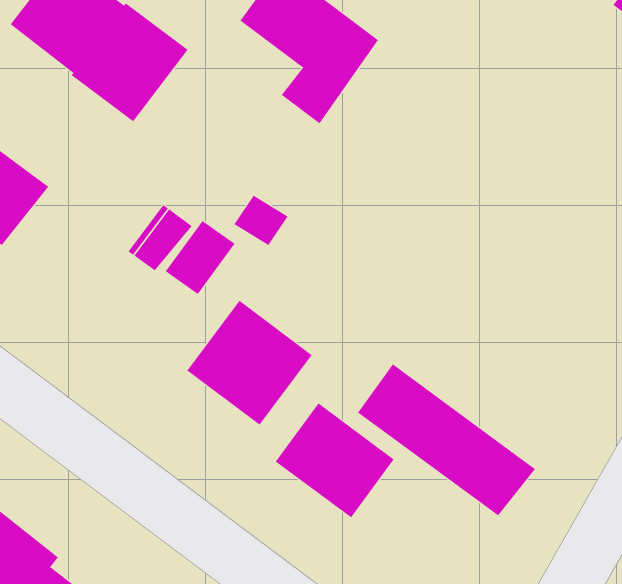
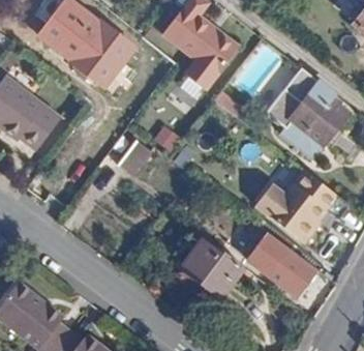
building: none -> [267,68,350,162]
building: none -> [254,169,338,244]
building: [187,300,312,426] -> none

